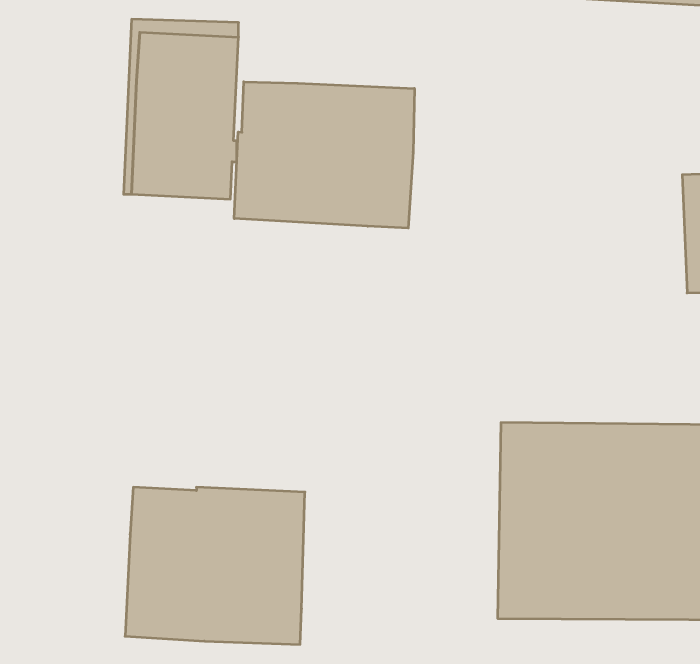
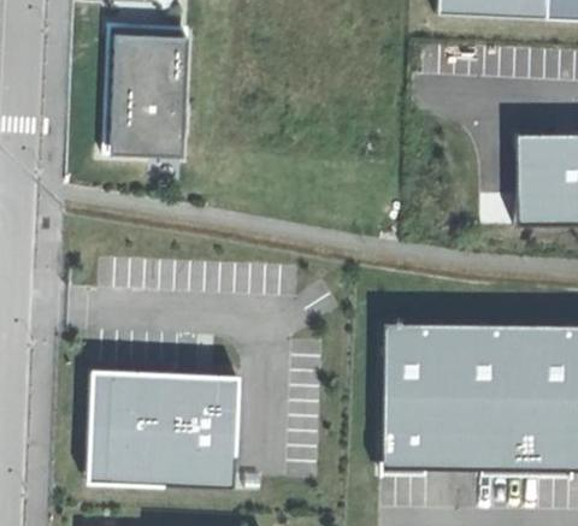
building: [234,82,414,228] -> none
building: none -> [87,370,164,486]

